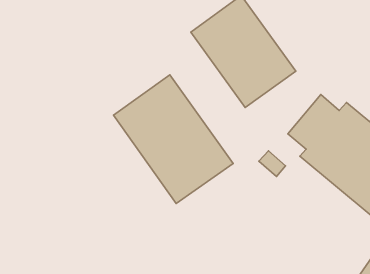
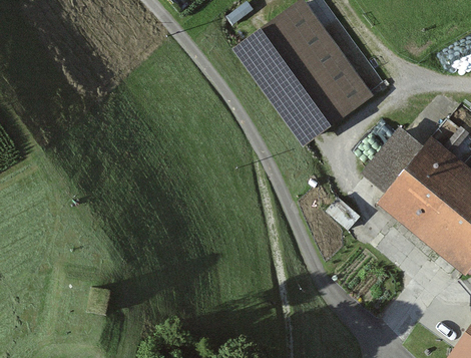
building: [114,75,233,203] -> none

